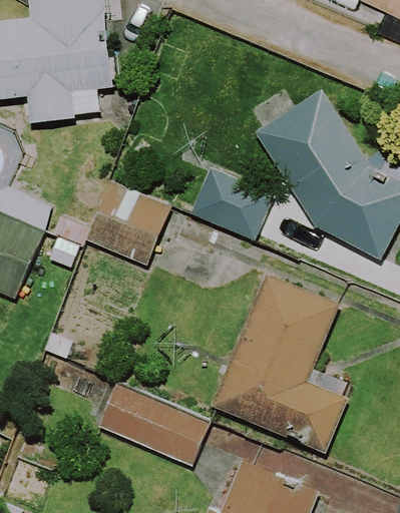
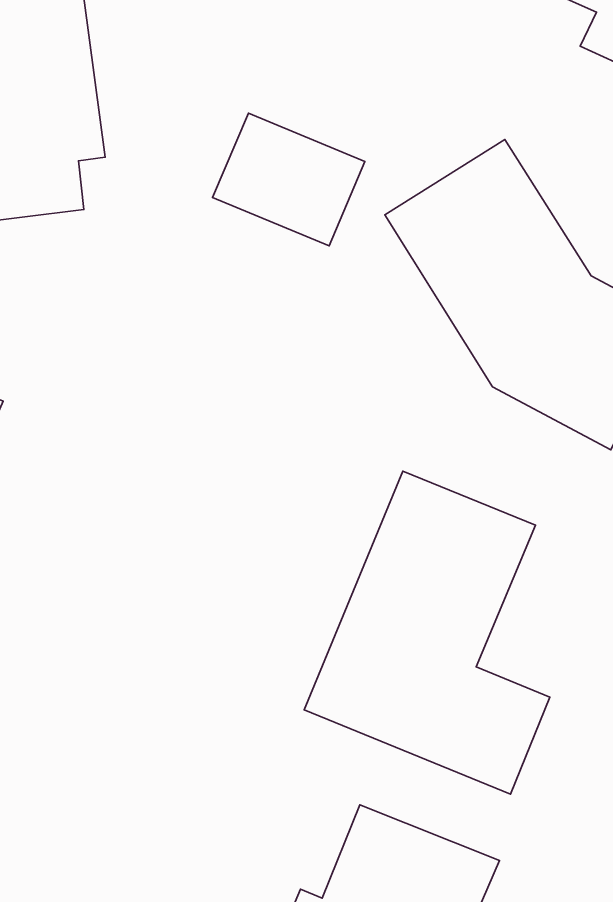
building: [189,165,275,239] -> [213,113,365,246]
building: [85,181,171,266] -> none
building: [99,383,211,465] -> none

